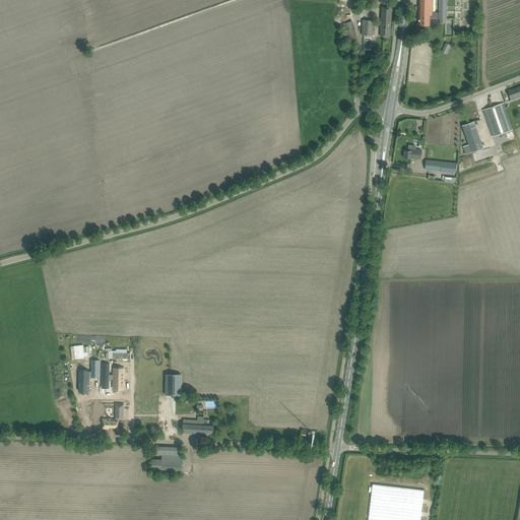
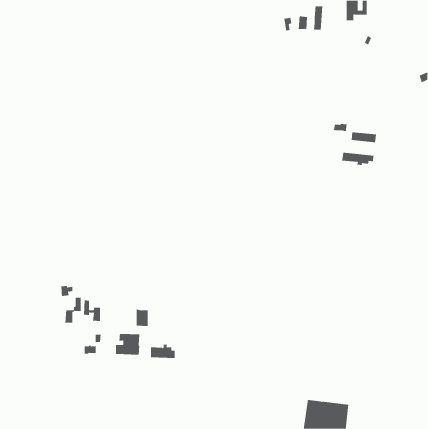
building: [482,103,511,137] -> none
building: [461,121,482,154] -> none
building: none -> [342,152,374,166]
building: [151,446,182,472] -> [115,333,140,355]

